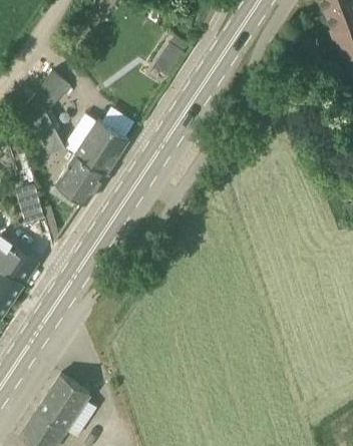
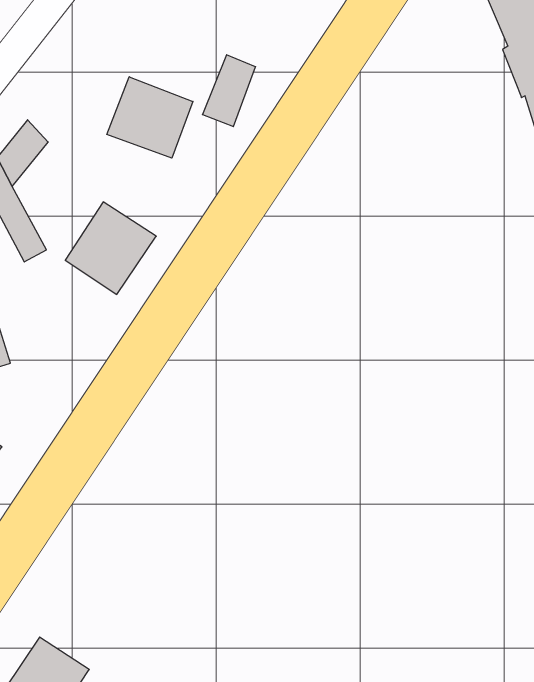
building: none -> [107,77,193,158]
building: [51,153,105,208] -> none

